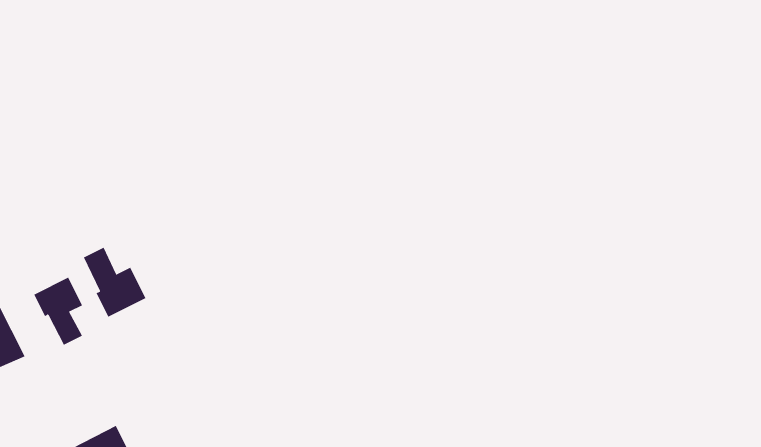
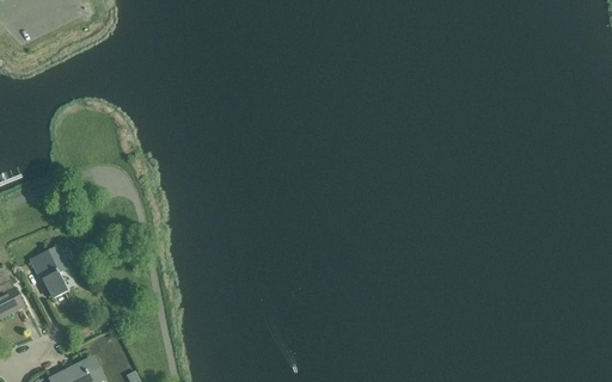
building: [83,247,146,318] -> none

